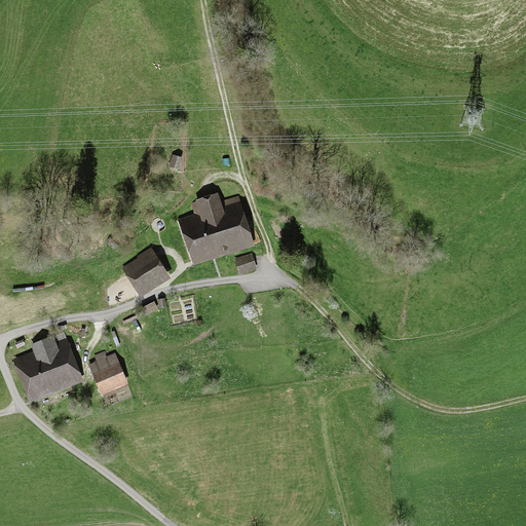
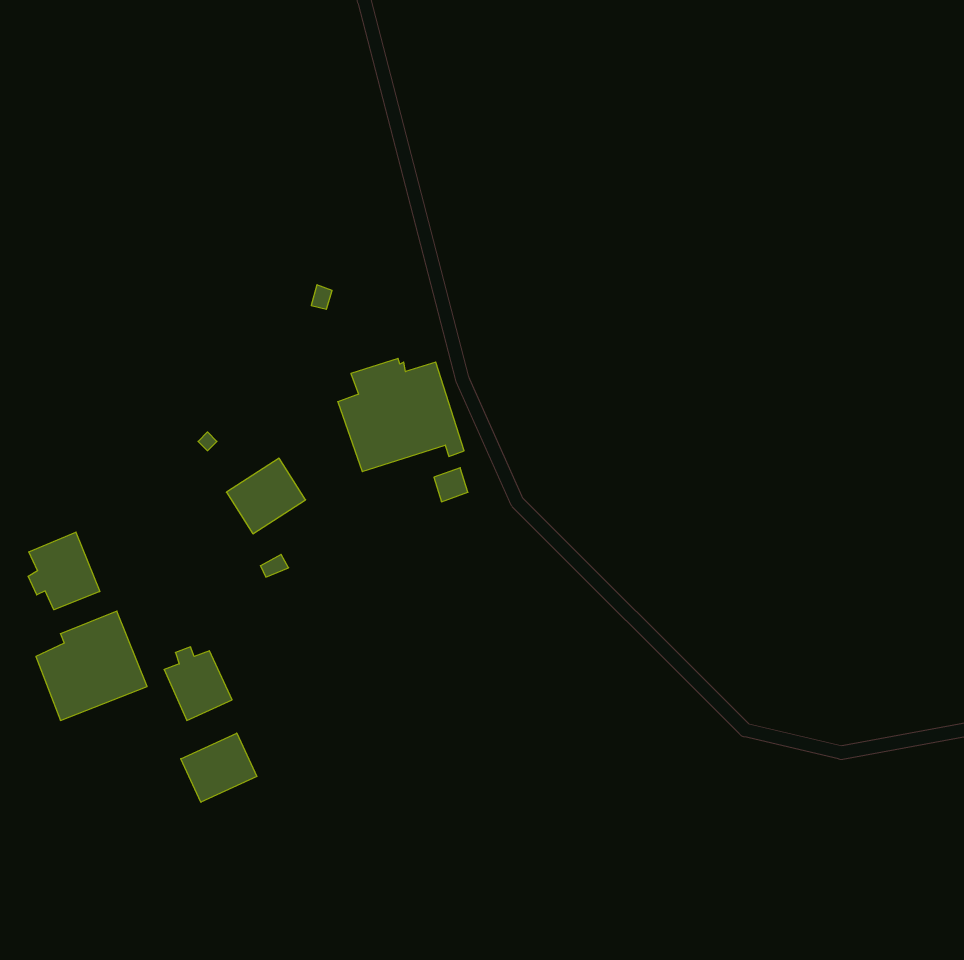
building: none -> [28,532,100,610]
building: none -> [181,733,257,802]

